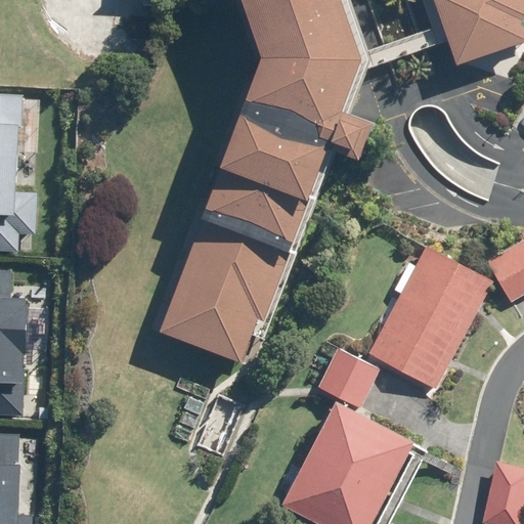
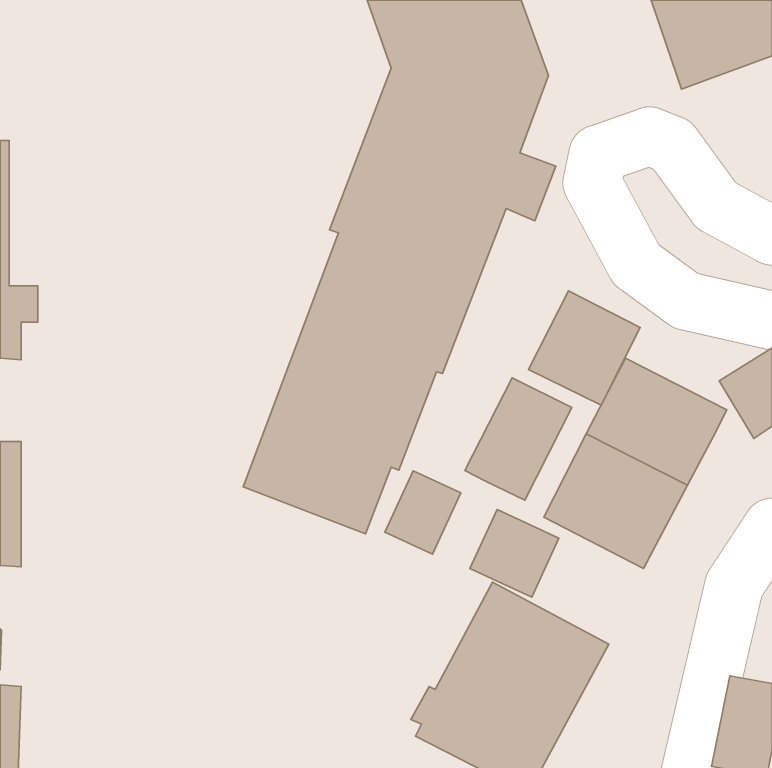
building: none -> [528,291,640,405]
building: none -> [465,378,572,500]
building: none -> [385,471,461,554]

